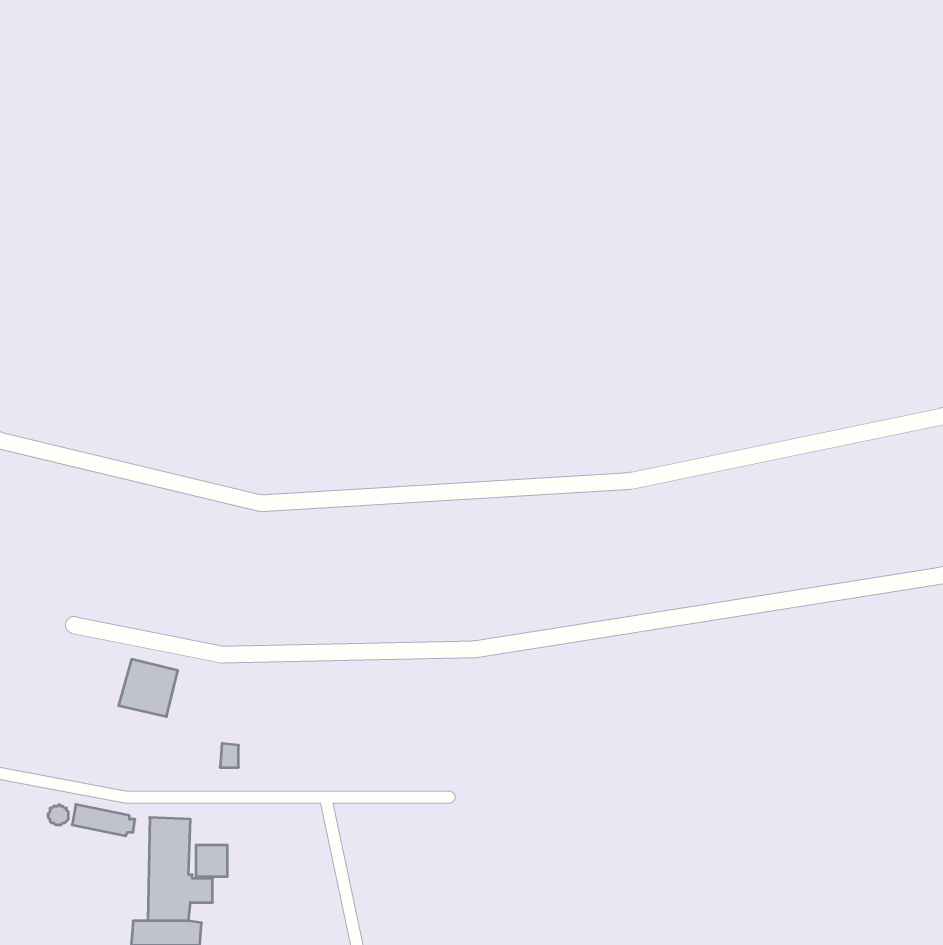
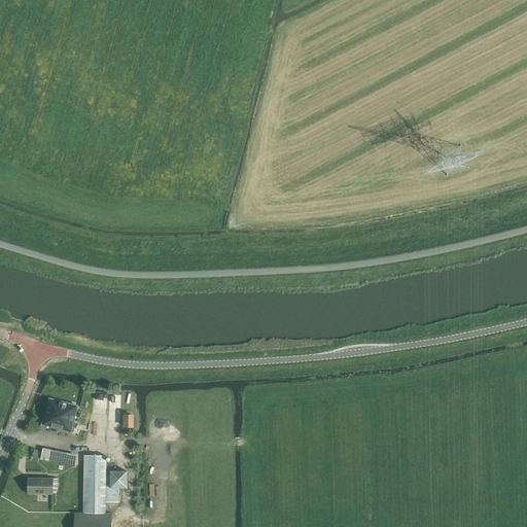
building: [119,659,178,717] -> [42,402,75,434]
building: none -> [28,478,58,494]

